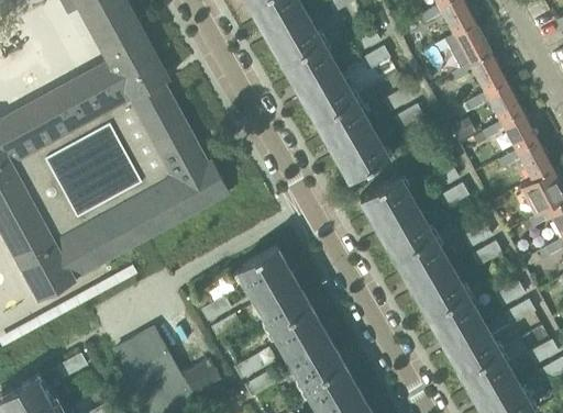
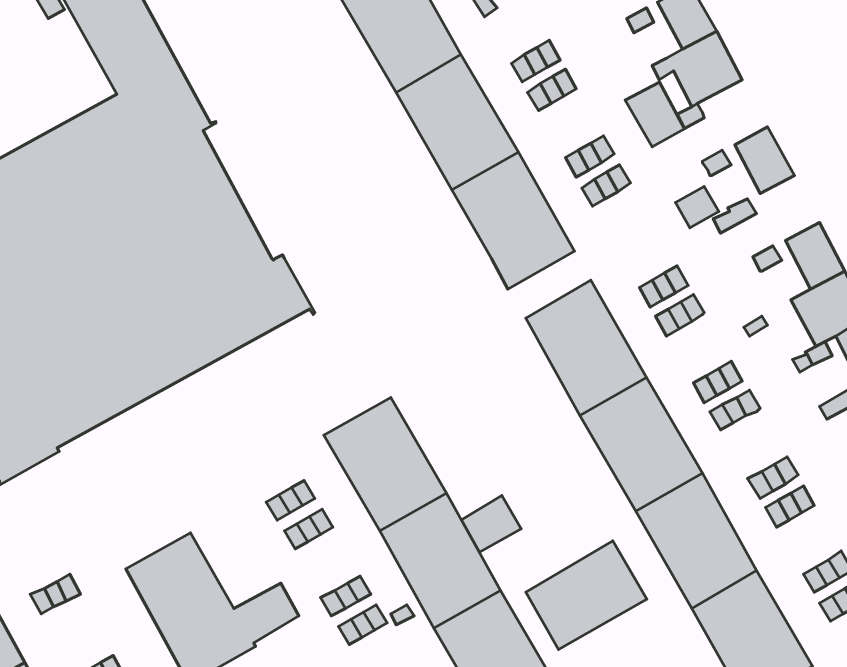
building: [470,52,506,91] -> [625,82,685,147]
building: [501,110,538,149] -> none
building: none -> [461,496,521,552]
building: none -> [526,541,647,650]

